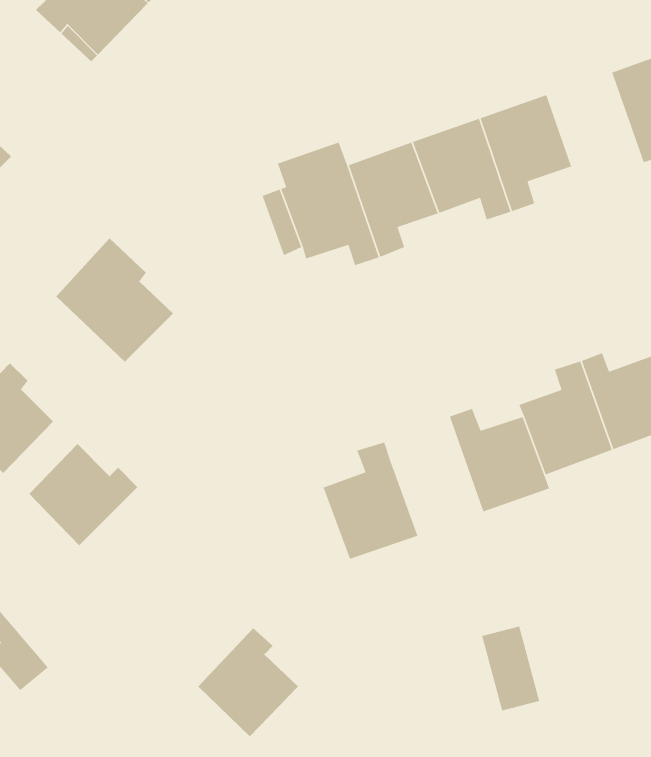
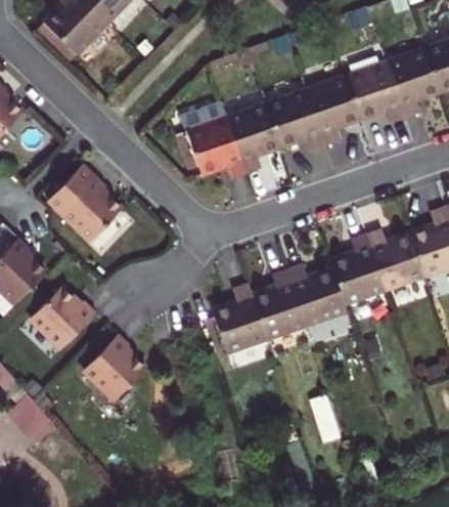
building: none -> [347,60,405,121]
building: none -> [253,269,308,342]
building: [197,627,299,737] -> [87,333,148,399]

